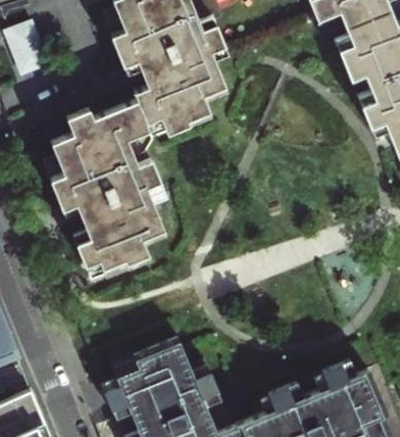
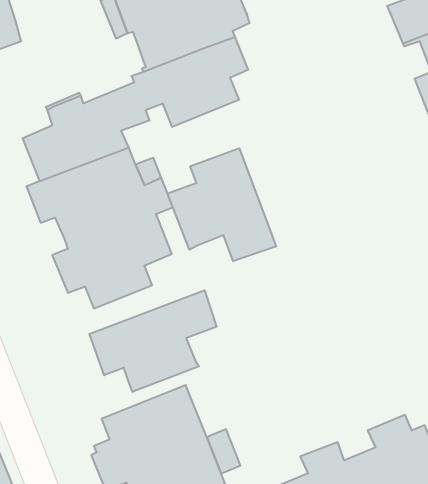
building: none -> [168,148,276,261]
building: none -> [89,290,217,392]

